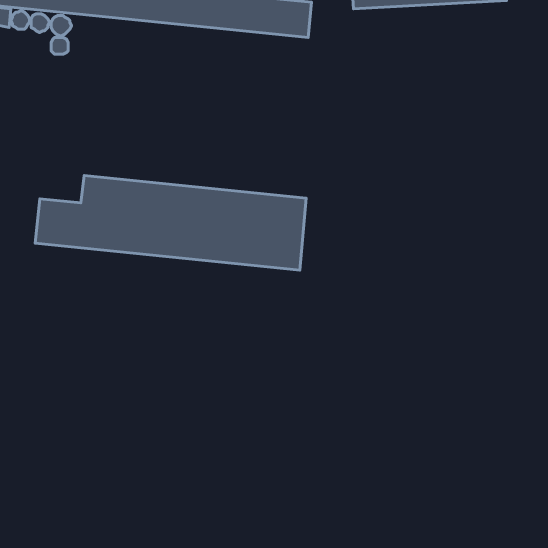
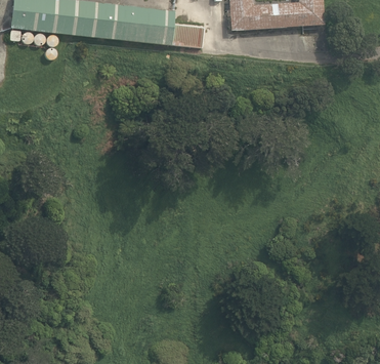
building: [35,176,306,270] -> none

